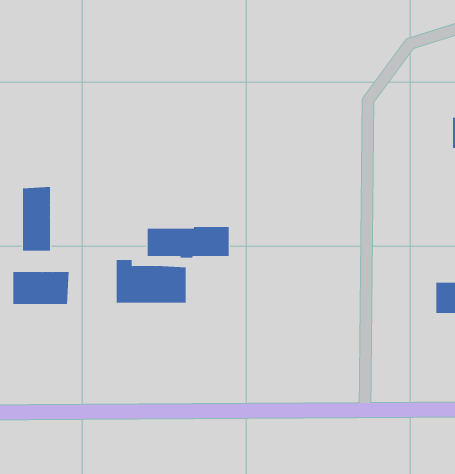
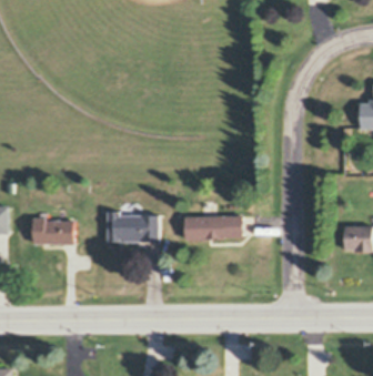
building: [22,186,50,251] -> none
building: [147,227,229,258] -> [183,215,244,238]

